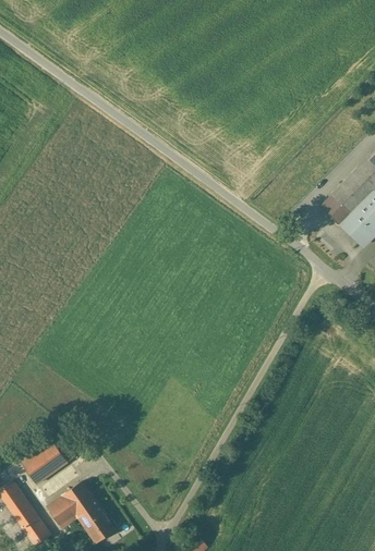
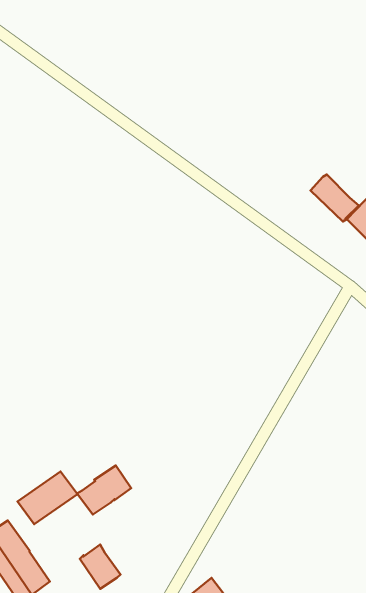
building: none -> [311,174,359,221]
building: [47,482,96,527] -> [77,466,131,515]

